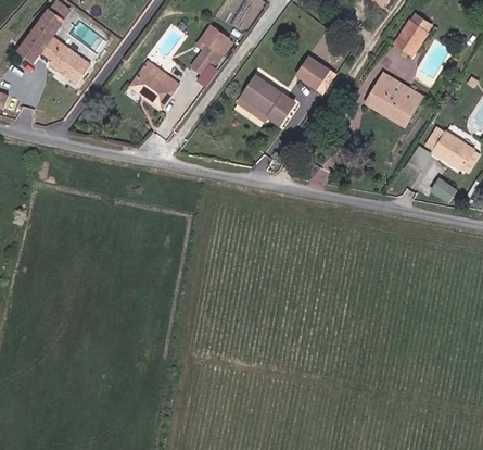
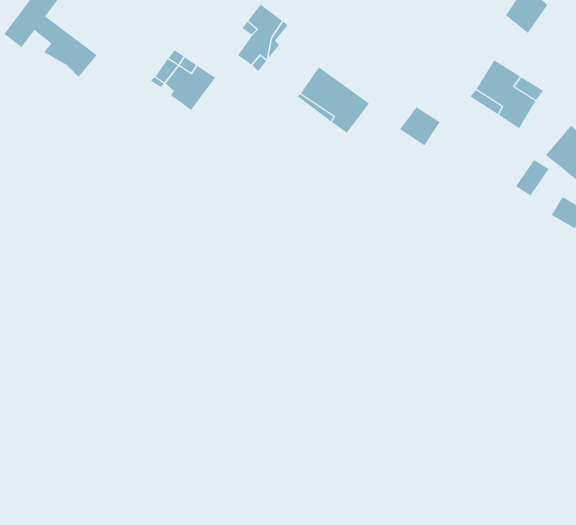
building: [292,53,323,84] -> [399,106,441,146]

